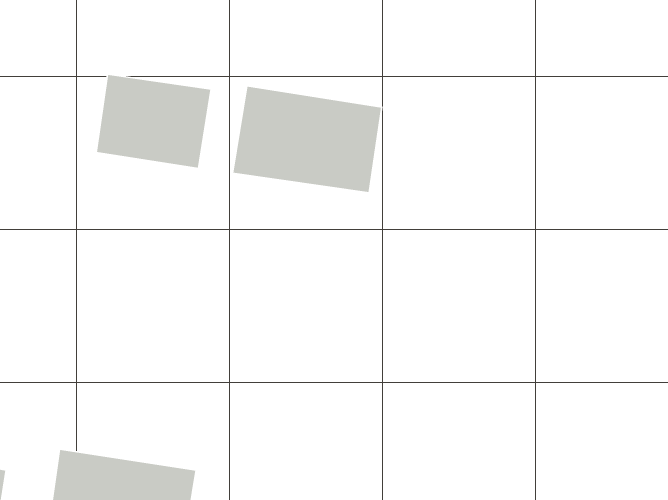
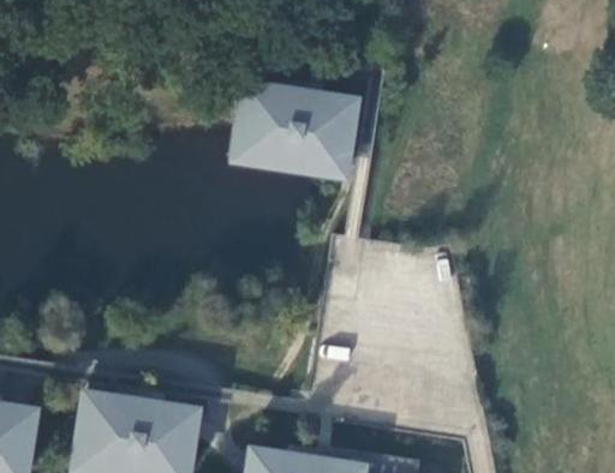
building: [96,74,211,169] -> none

